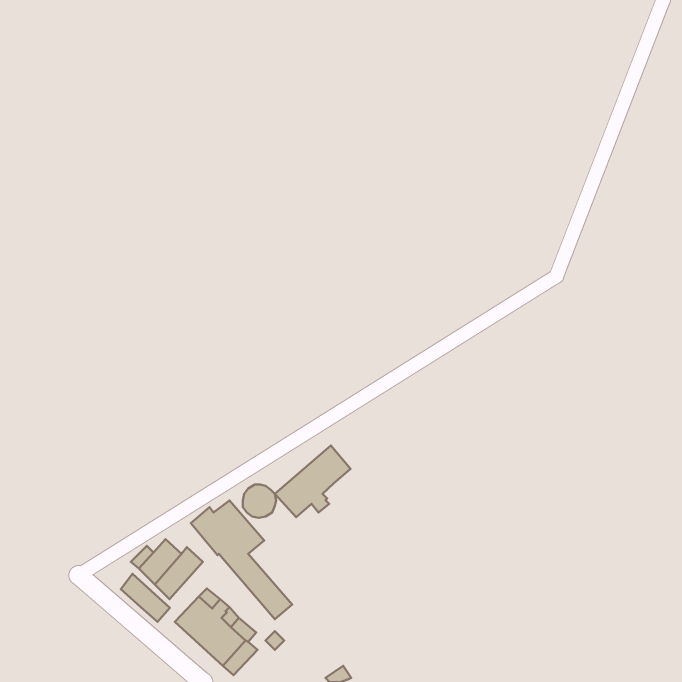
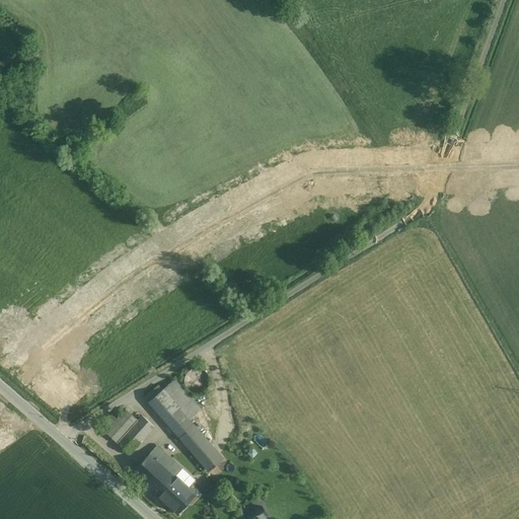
building: [275,445,350,517] -> none
building: [121,574,170,622] -> none

